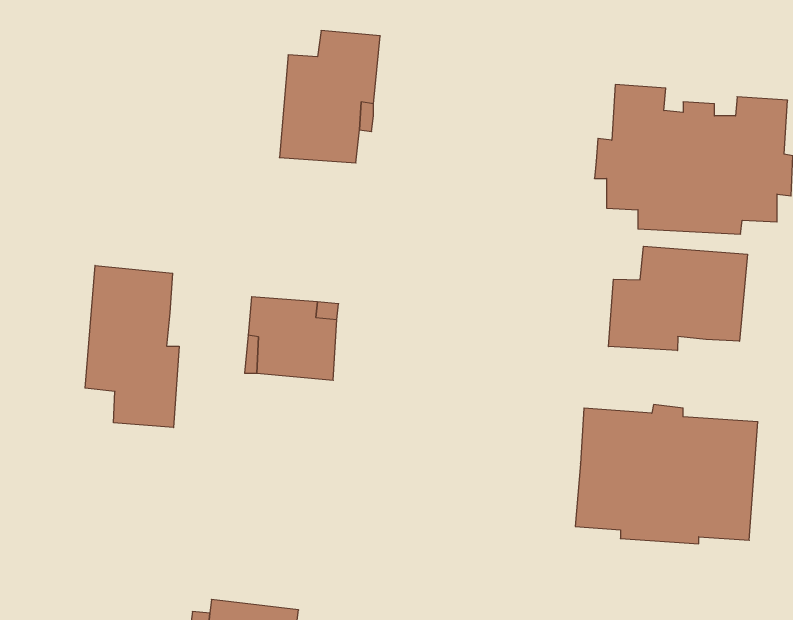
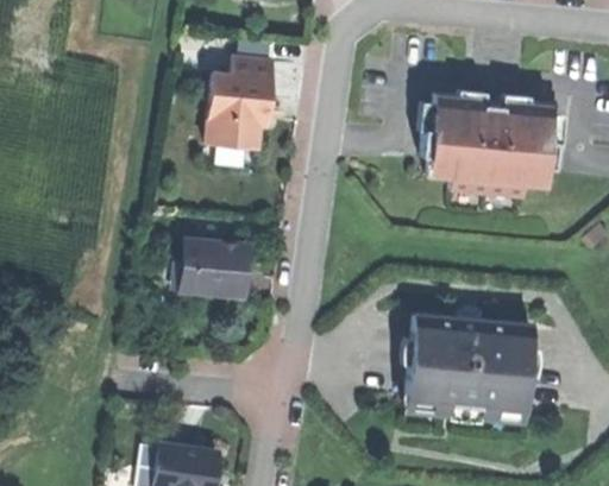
building: [608,246,747,351] -> none
building: [85,265,179,428] -> none

